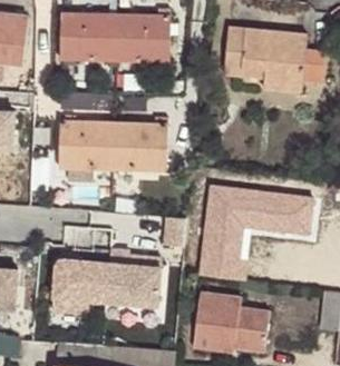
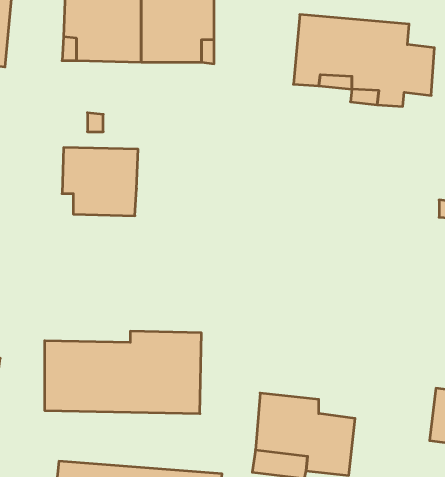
building: [113,122,168,170] -> none
building: [198,184,313,280] -> none

